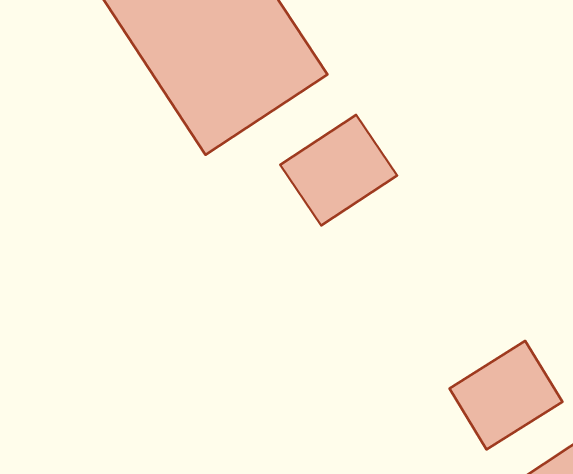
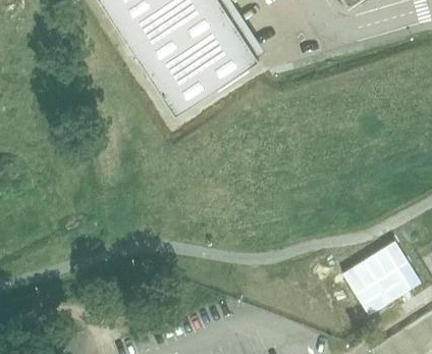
building: [280,115,397,225] -> none

